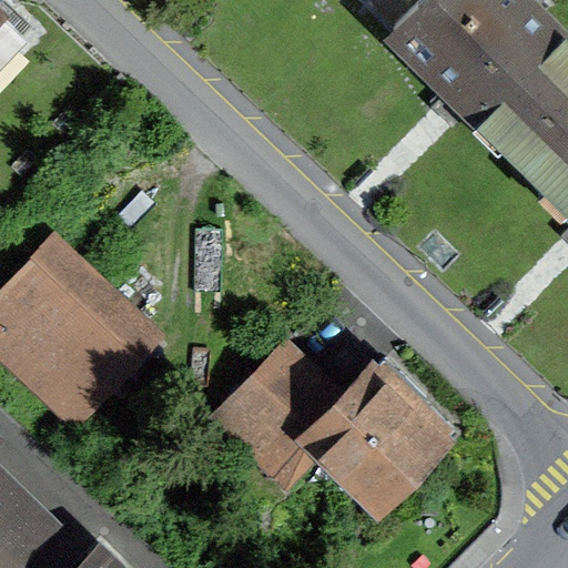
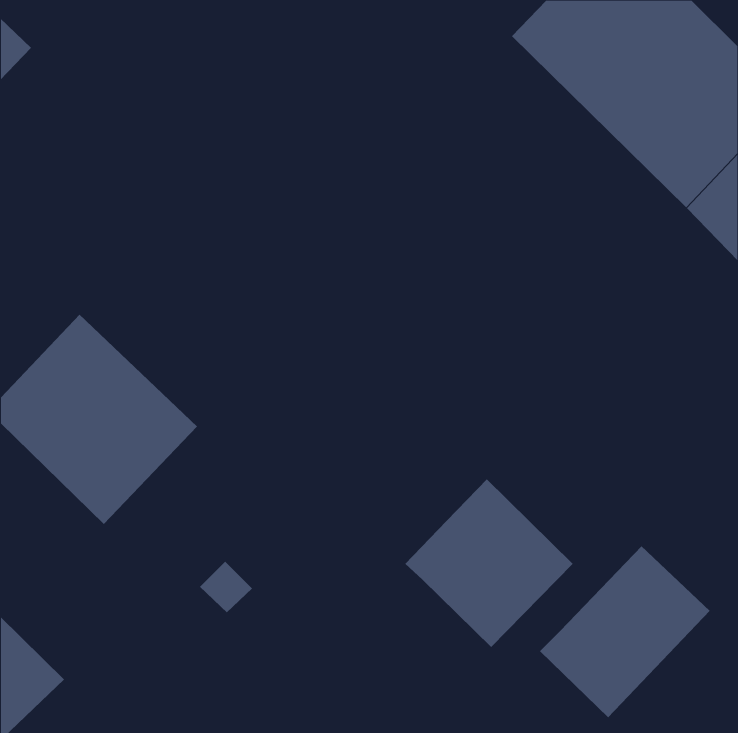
building: [217,348,343,487] -> none
building: none -> [539,545,711,718]

